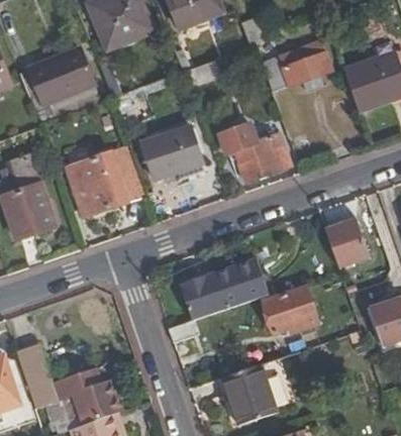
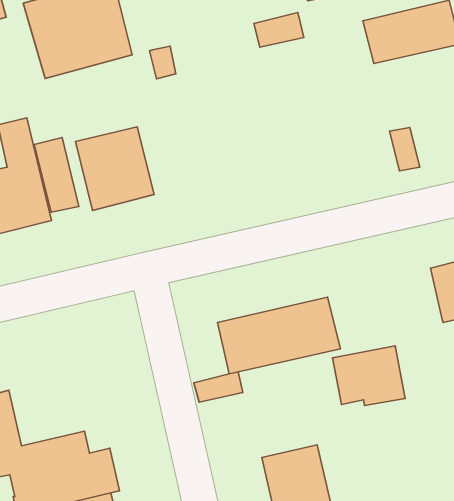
building: [139,123,201,180] -> none
building: [219,124,289,182] -> none
building: [108,145,144,199] -> [34,137,79,212]

